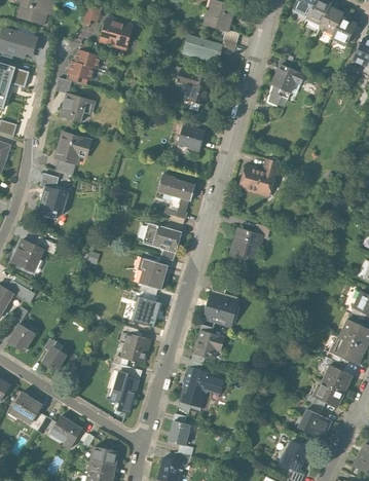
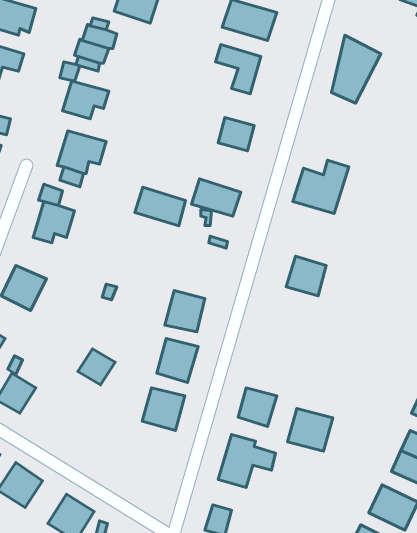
building: [144,220,183,250] -> [135,187,185,226]
building: [204,294,238,327] -> [288,409,333,451]
building: [41,343,70,371] -> [78,349,115,385]
building: [103,367,142,413] -> none

